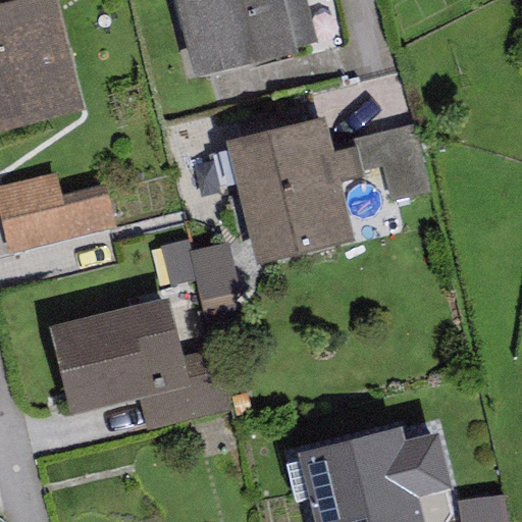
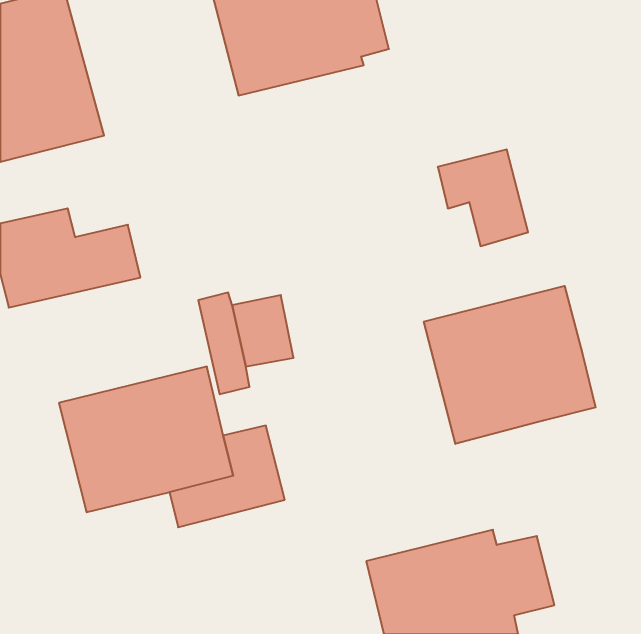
building: [224,117,362,265] -> none
building: none -> [424,286,596,444]

